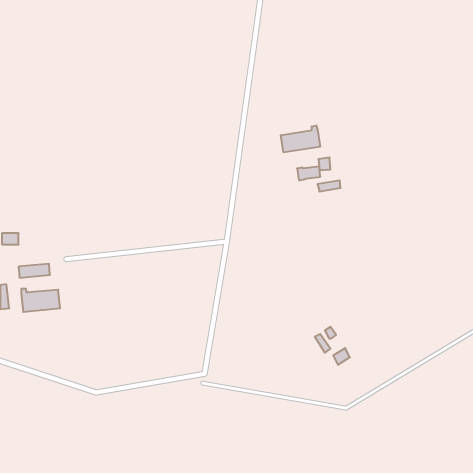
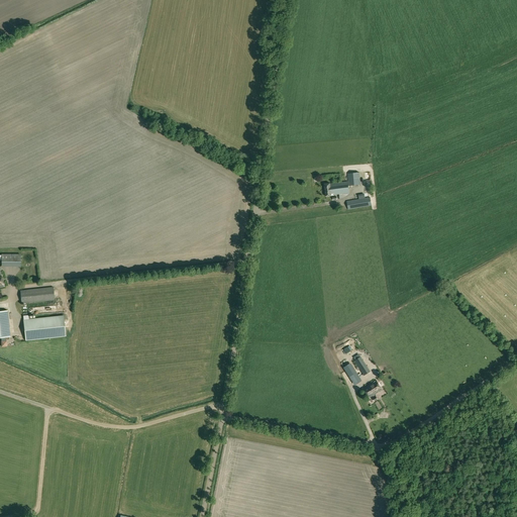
building: [281,125,320,152] -> none

